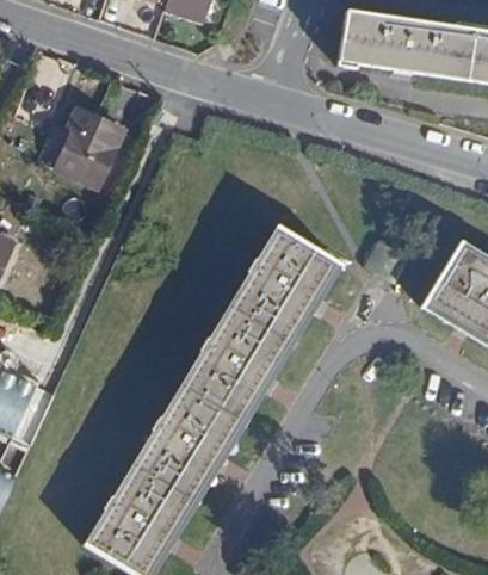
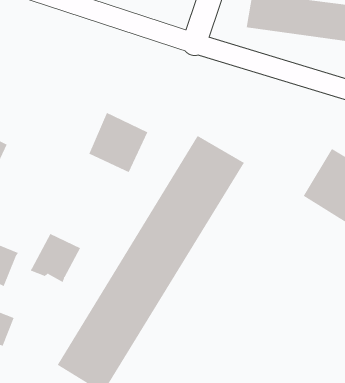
building: [42,101,124,185] -> [88,112,148,173]
building: none -> [30,233,81,283]

